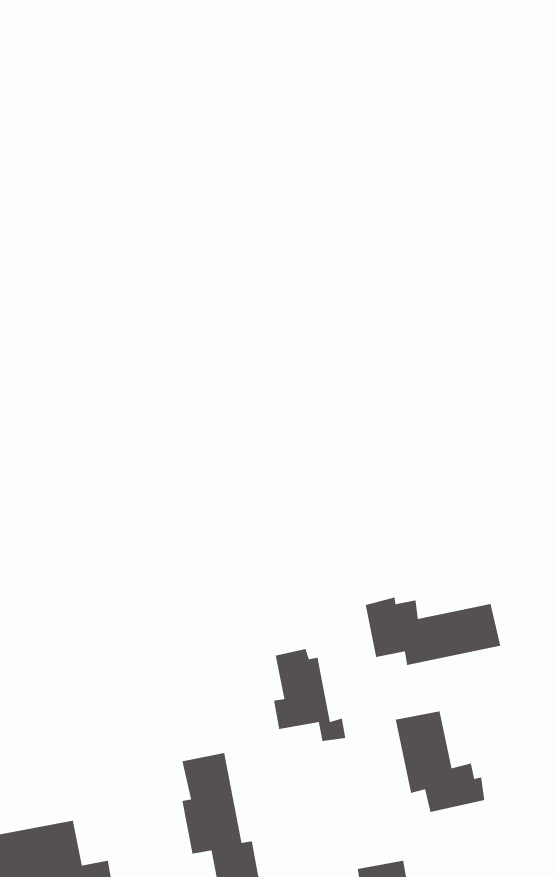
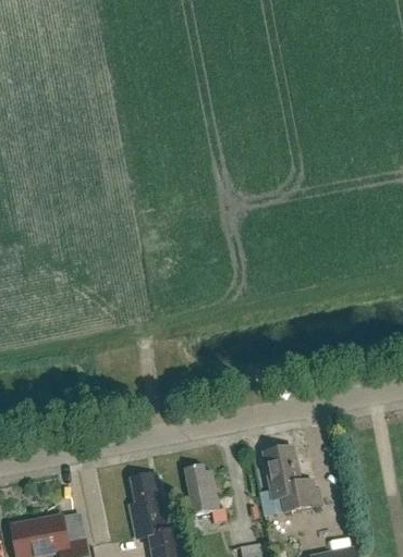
building: [365,597,501,666] -> none
building: [273,648,346,742] -> [183,465,229,523]

